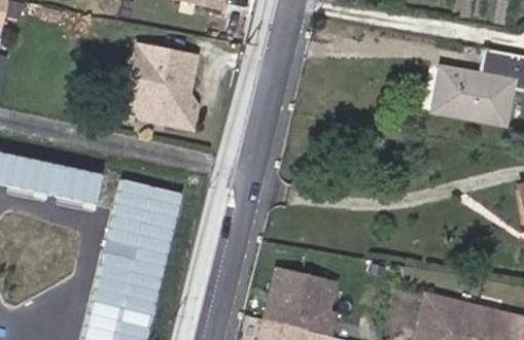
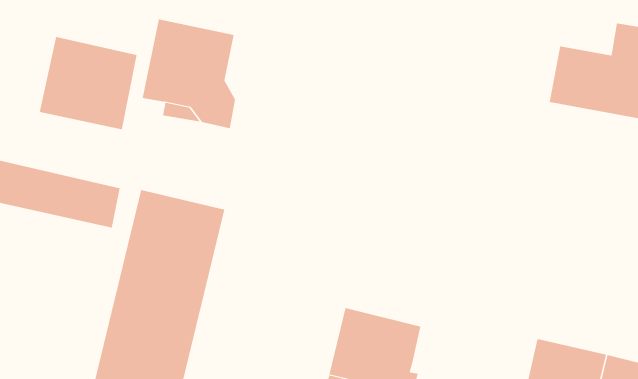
building: none -> [39,36,137,130]

